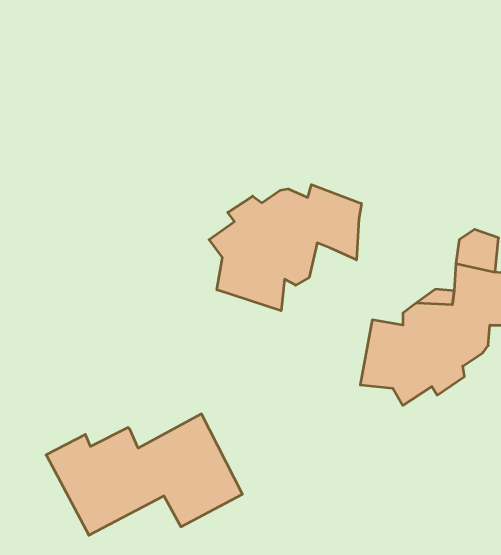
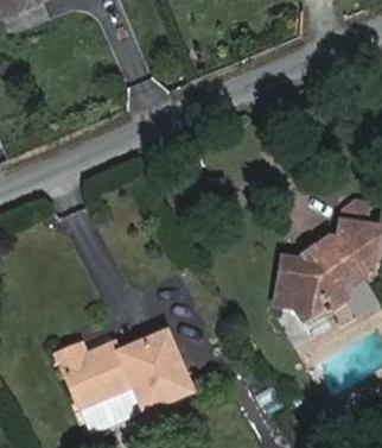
building: [209,185,361,311] -> none

